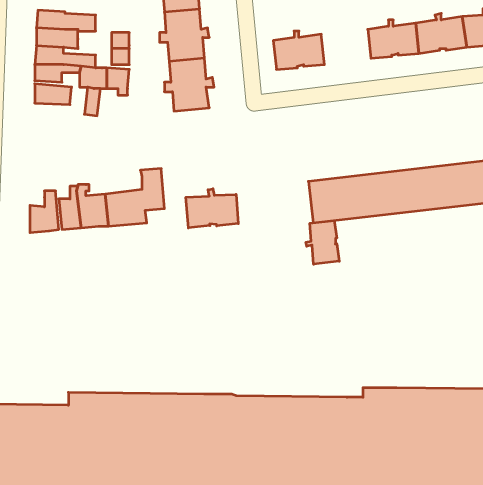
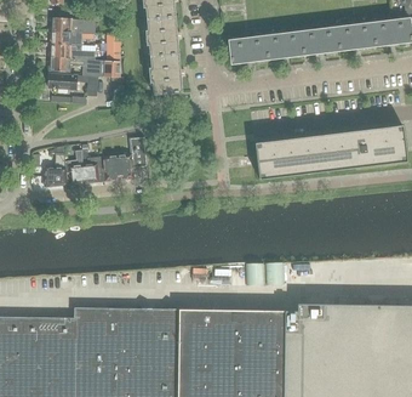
building: none -> [265,29,303,58]
building: [186,189,238,228] -> none
building: [306,221,339,264] -> none

